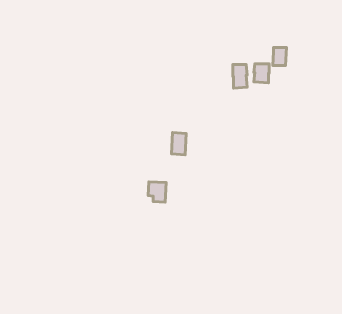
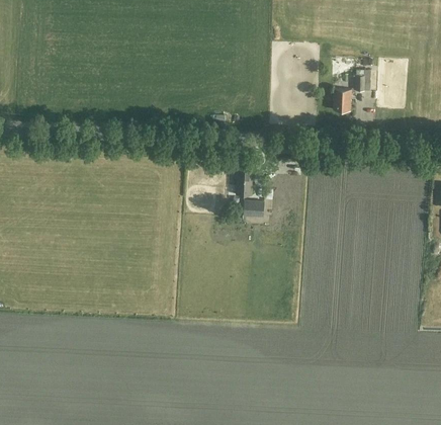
building: [233,65,247,88] -> none
building: [148,182,166,202] -> [244,197,265,222]

